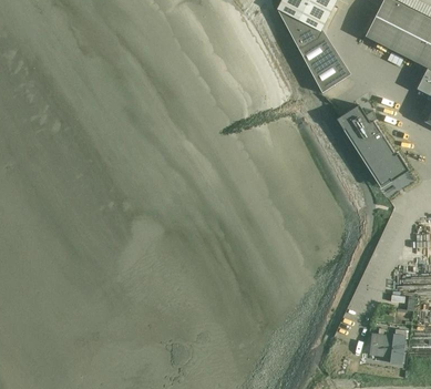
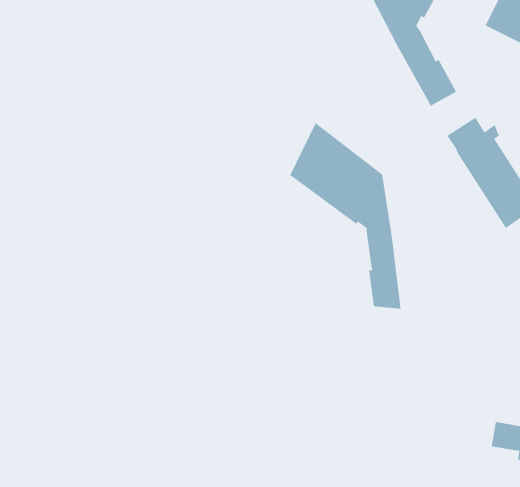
building: none -> [290,122,401,309]

